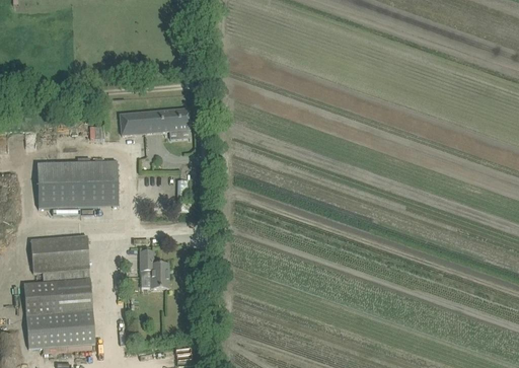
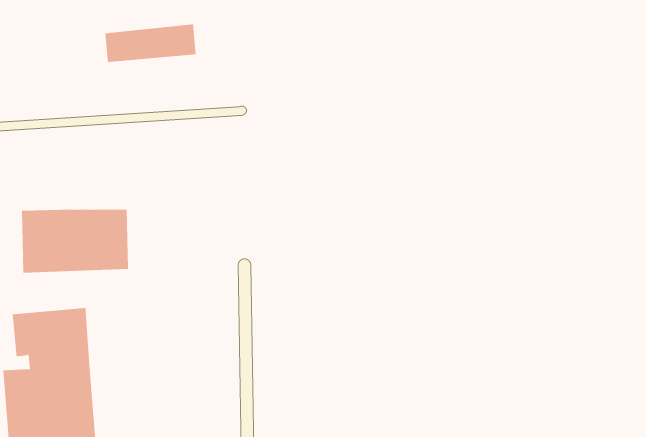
building: [119,105,189,135] -> [105,24,196,62]
building: [139,251,168,288] -> none

